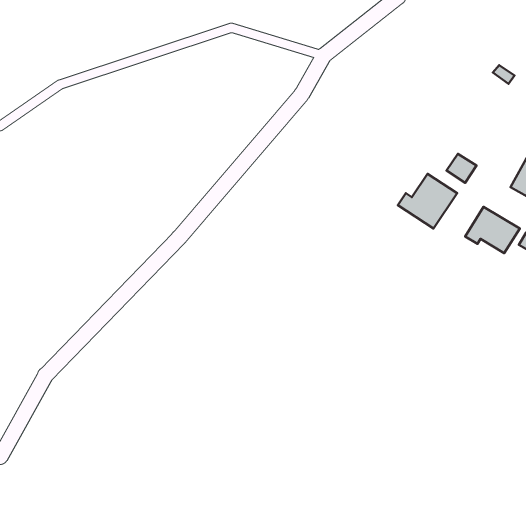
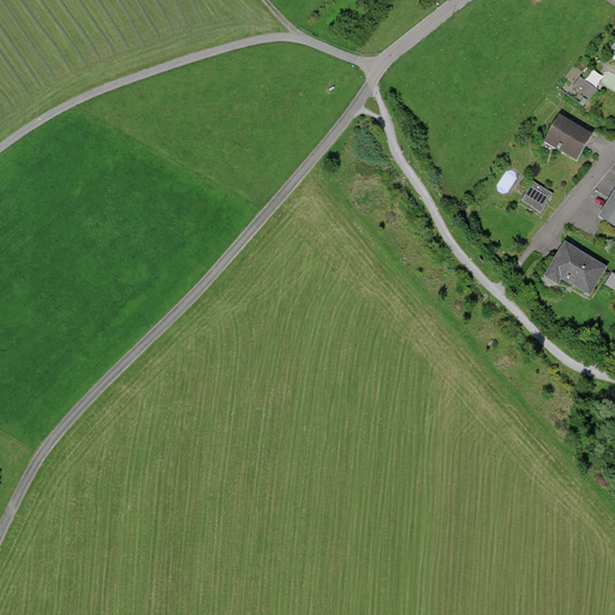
building: none -> [542,113,592,160]
building: [398,174,457,228] -> none

